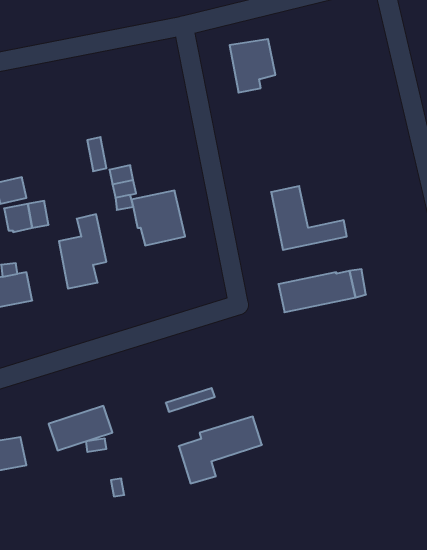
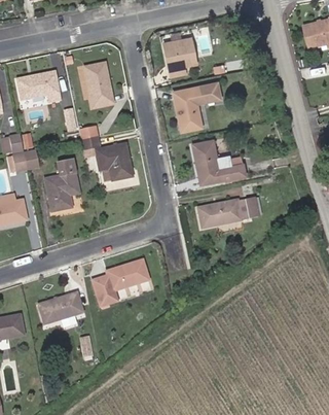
building: none -> [85,63,112,108]
building: none -> [17,72,60,102]
building: none -> [174,83,220,133]
building: [179,417,262,483] -> [92,261,149,307]

